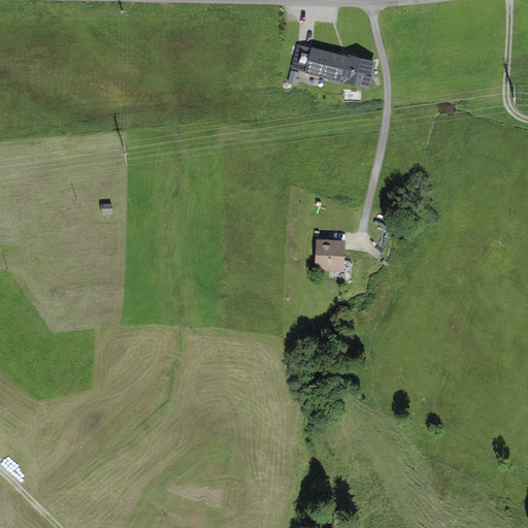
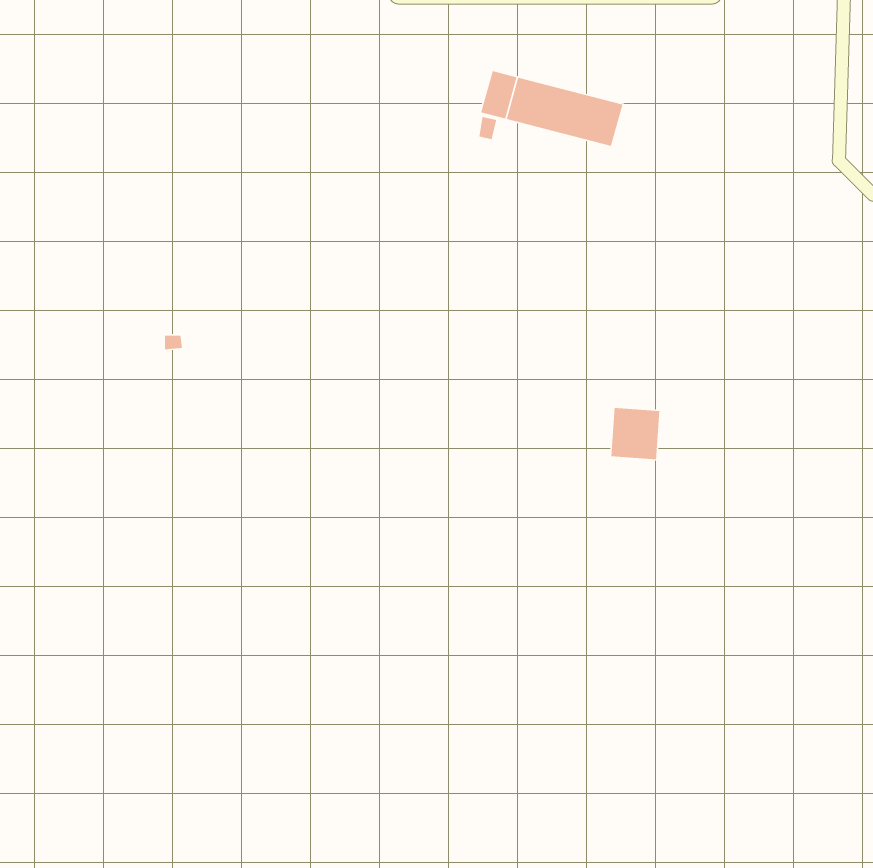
building: [316,239,345,271] -> [611,407,660,460]

